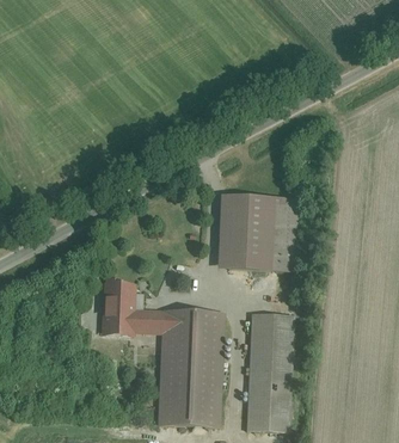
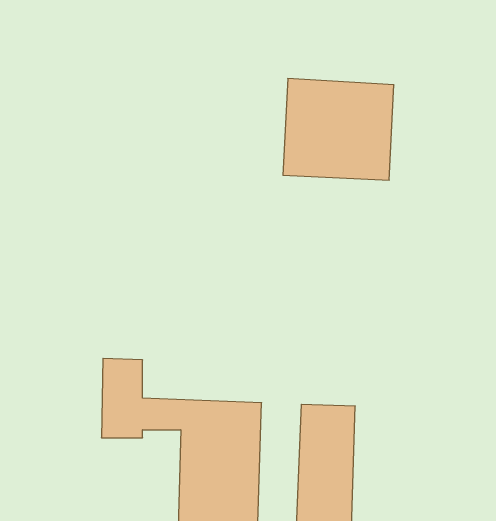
building: [208,197,291,273] -> [283,79,394,180]

